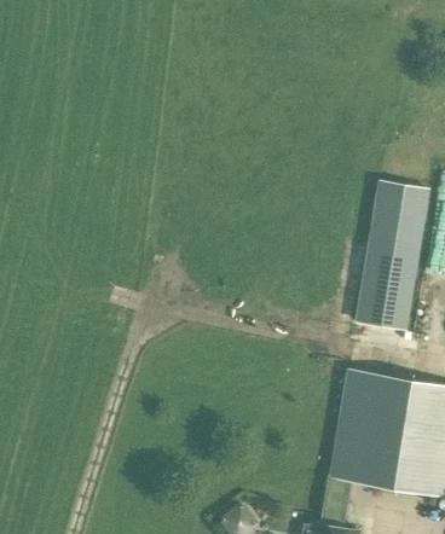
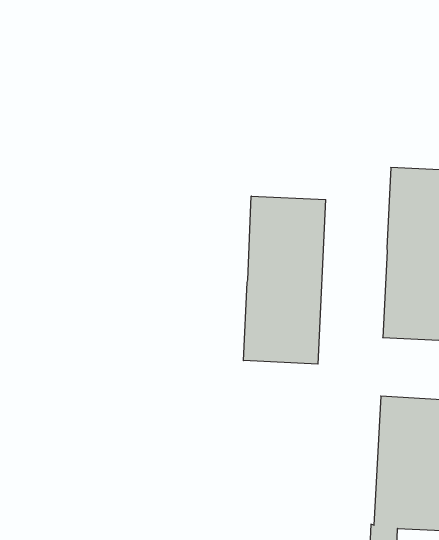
building: none -> [243,196,326,364]

